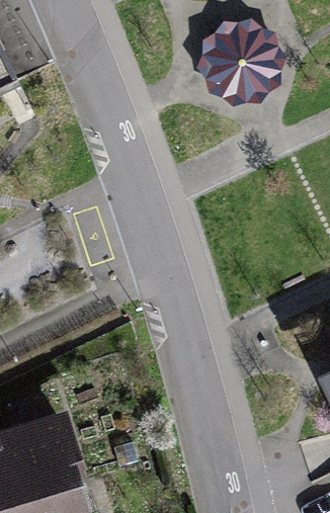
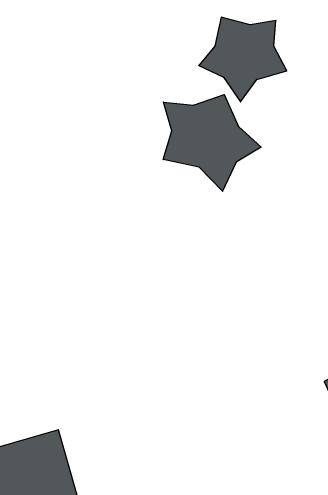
building: none -> [163,95,261,191]

